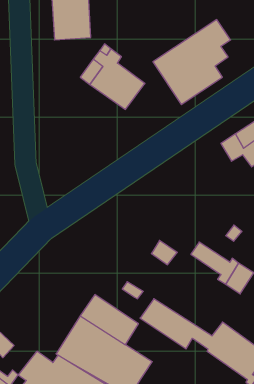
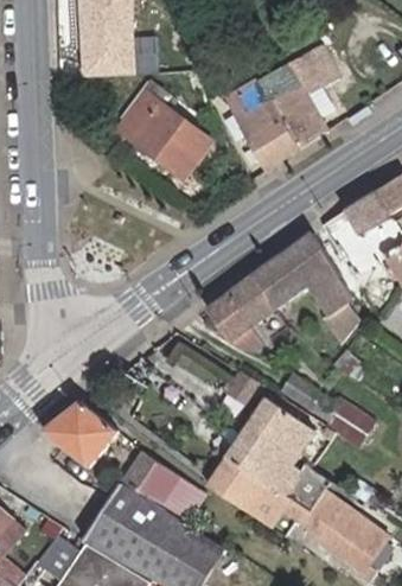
building: none -> [209,237,358,355]
building: none -> [229,396,336,511]
building: none -> [42,400,120,467]

